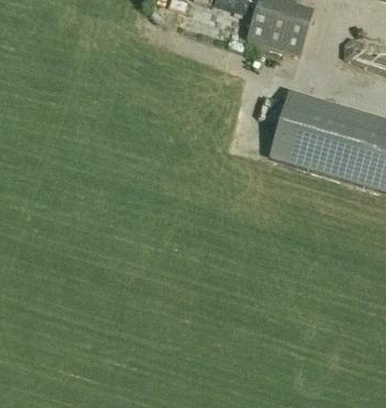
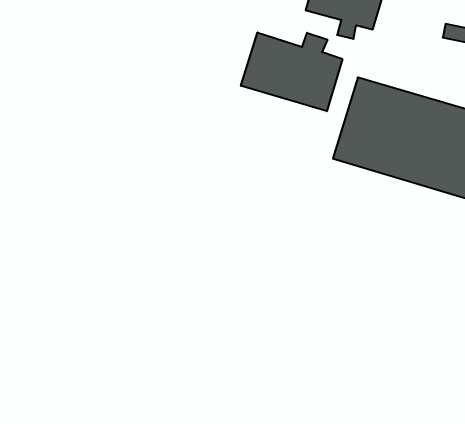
building: none -> [241,32,342,111]

